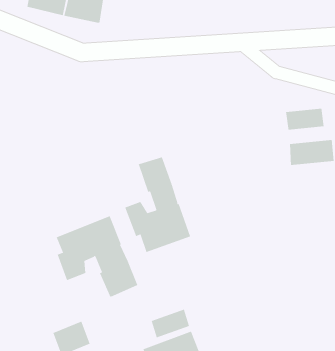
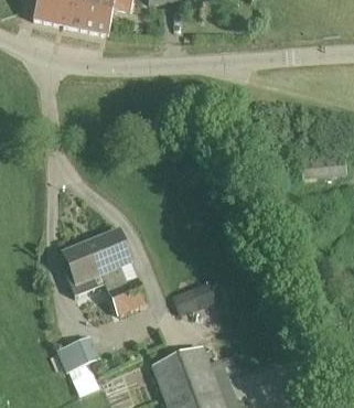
building: [286,108,324,130] -> none
building: [125,156,191,253] -> none
building: [151,309,190,338] -> [172,282,212,312]

